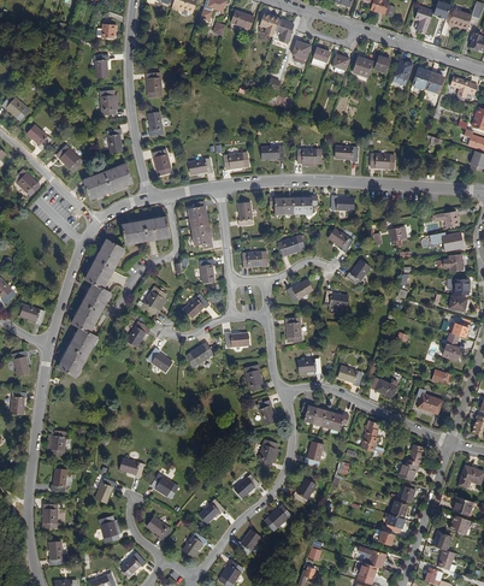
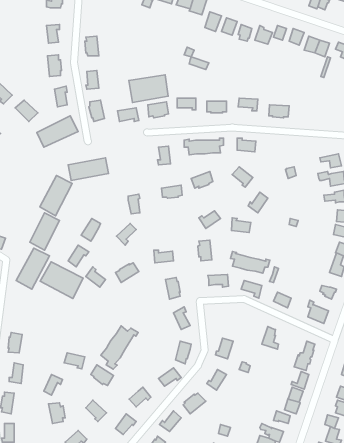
building: none -> [129,75,168,102]
building: [188,203,212,249] -> none
building: none -> [40,262,83,299]
building: [301,402,349,428] -> [231,251,270,273]
building: none -> [101,326,138,369]

